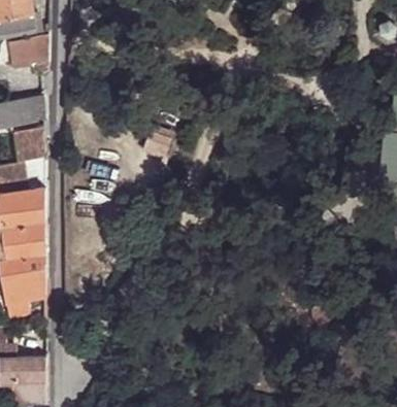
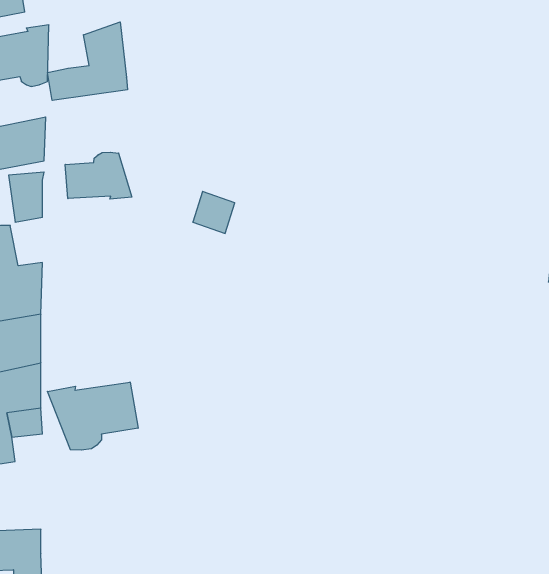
building: none -> [48,22,127,100]
building: none -> [65,152,132,199]
building: none -> [47,382,138,450]

